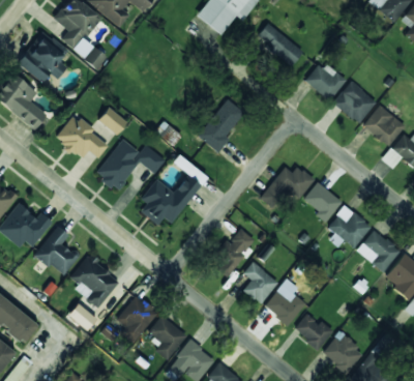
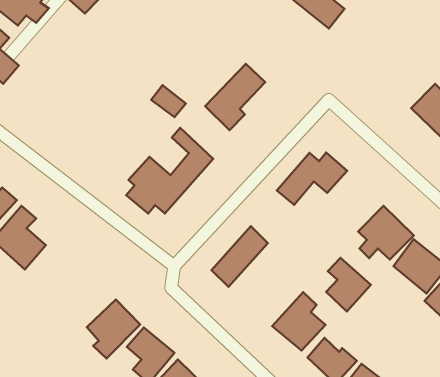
building: [304,61,346,100] -> none
building: [333,81,377,123] -> none
building: [98,107,127,135] -> none
building: [55,115,110,159] -> none
building: [96,139,166,190] -> none
building: [303,182,342,223] -> none
building: [70,255,120,307] -> none
building: [243,262,278,304] -> [326,258,371,311]
building: [68,303,96,330] -> none

